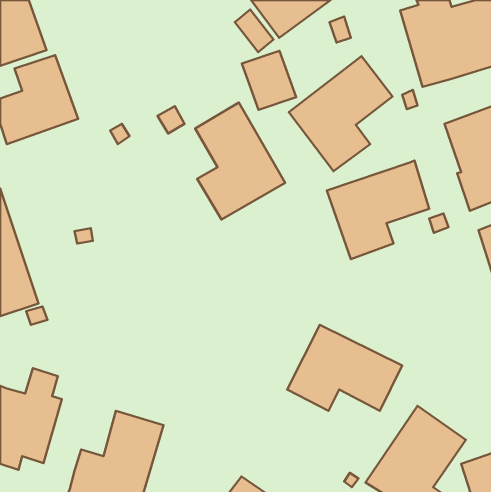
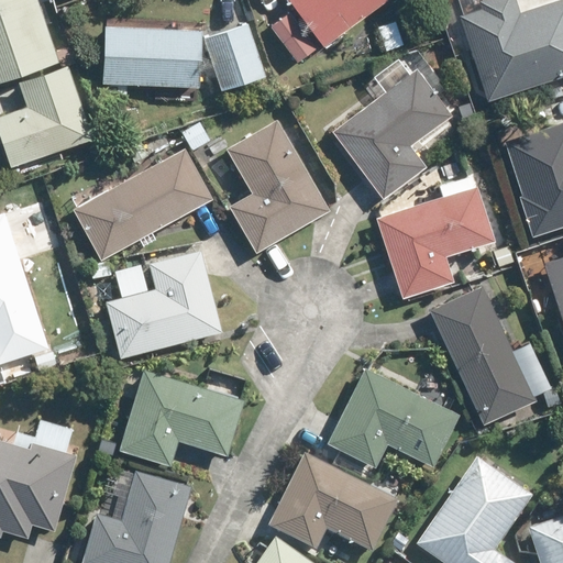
building: none -> [98,26,197,96]
building: [242,51,296,110] -> [202,22,264,89]
building: none -> [71,147,210,260]
building: none -> [104,249,220,356]
building: none -> [432,287,539,428]
building: none -> [119,369,242,465]
building: none -> [272,460,400,558]

